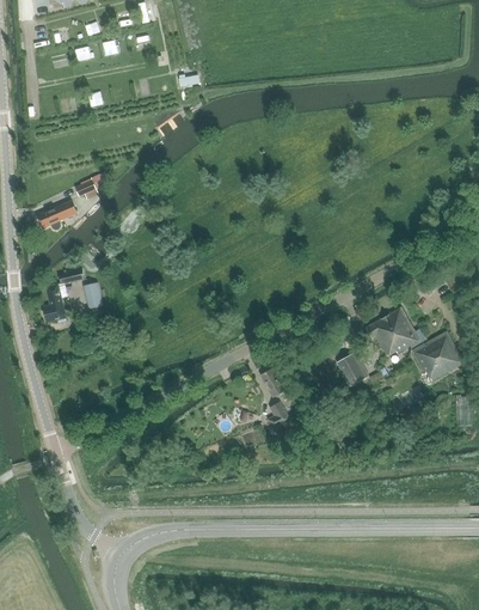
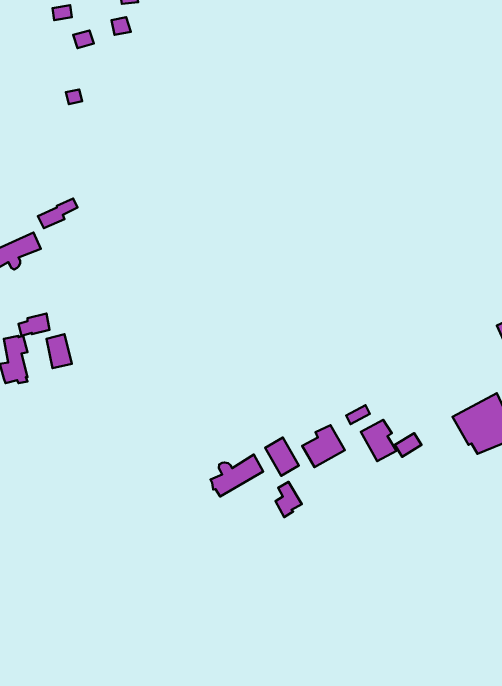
building: [366,307,420,356] -> none
building: none -> [302,425,345,467]
building: none -> [210,455,263,496]

